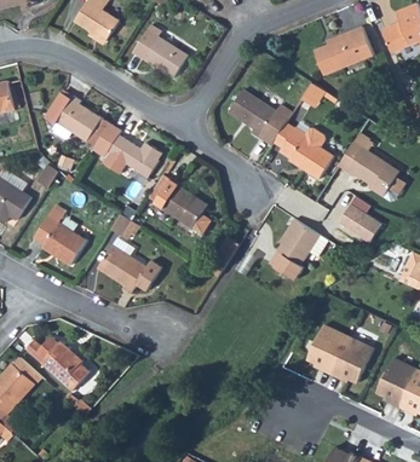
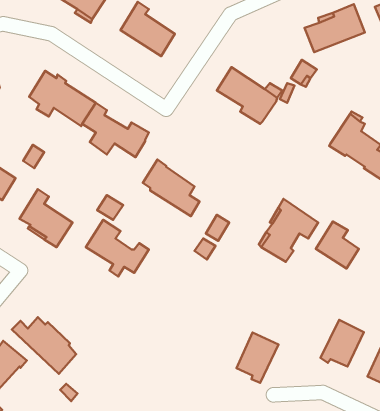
building: [274,122,334,179] -> none
building: [339,197,381,243] -> [316,222,359,268]
building: [307,324,349,374] -> [237,332,279,383]

